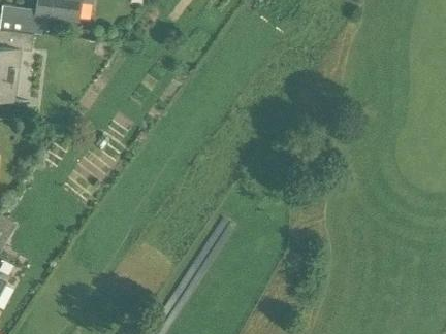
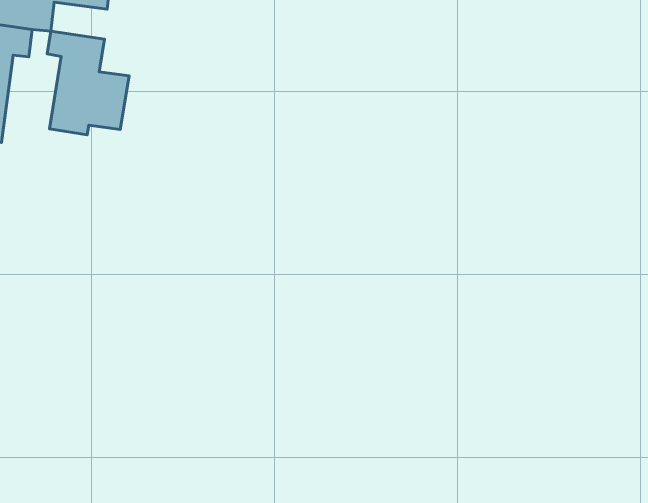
building: none -> [47,31,129,135]

